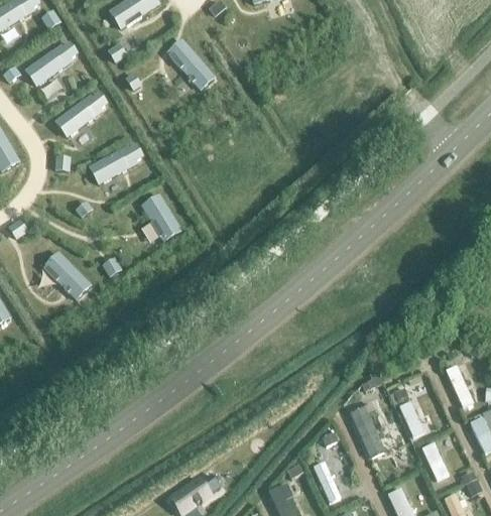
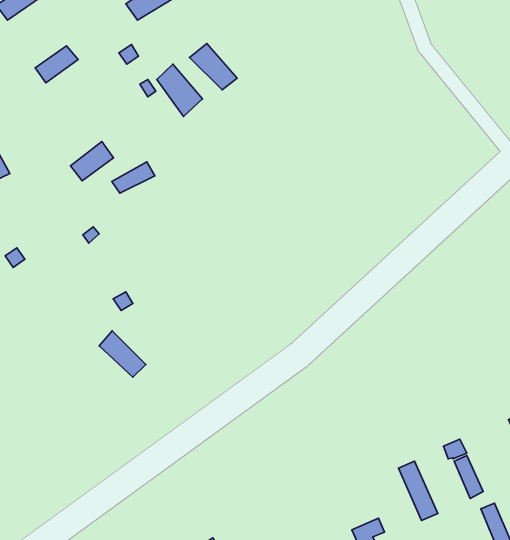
building: none -> [157,64,203,116]
building: [68,93,105,127] -> [71,141,114,181]
building: [142,199,177,240] -> none
building: [44,252,85,292] -> [99,331,146,377]

